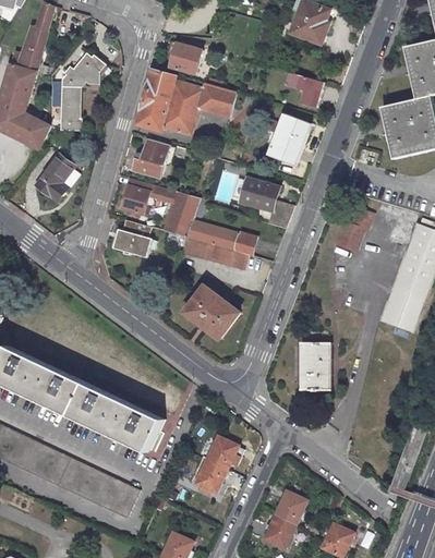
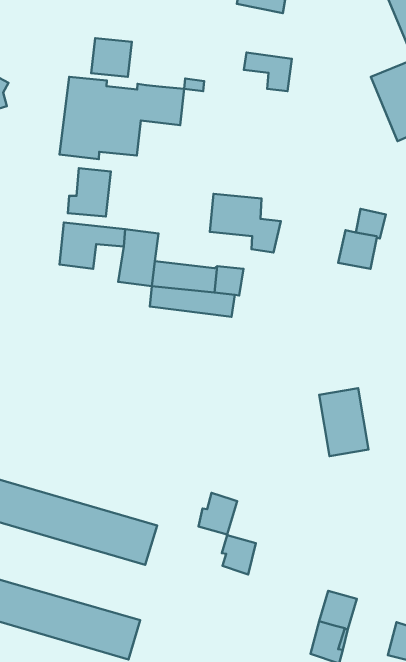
building: [268,112,313,167] -> none
building: [113,220,157,258] -> none
building: [183,281,237,333] -> none
building: [191,460,223,494] -> [198,493,237,534]

